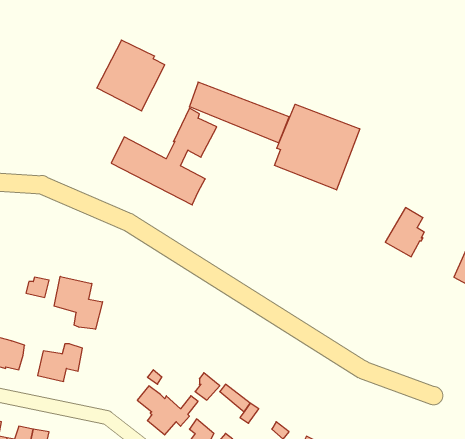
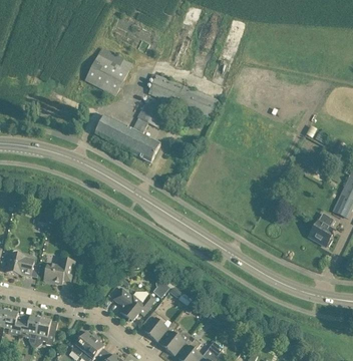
building: [274,104,360,190] -> none
building: [385,208,424,257] -> [308,212,335,246]
building: [54,276,103,329] -> none

